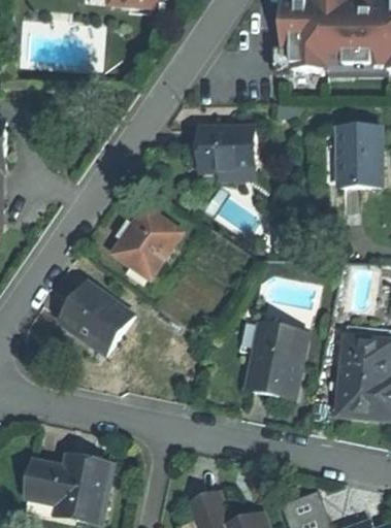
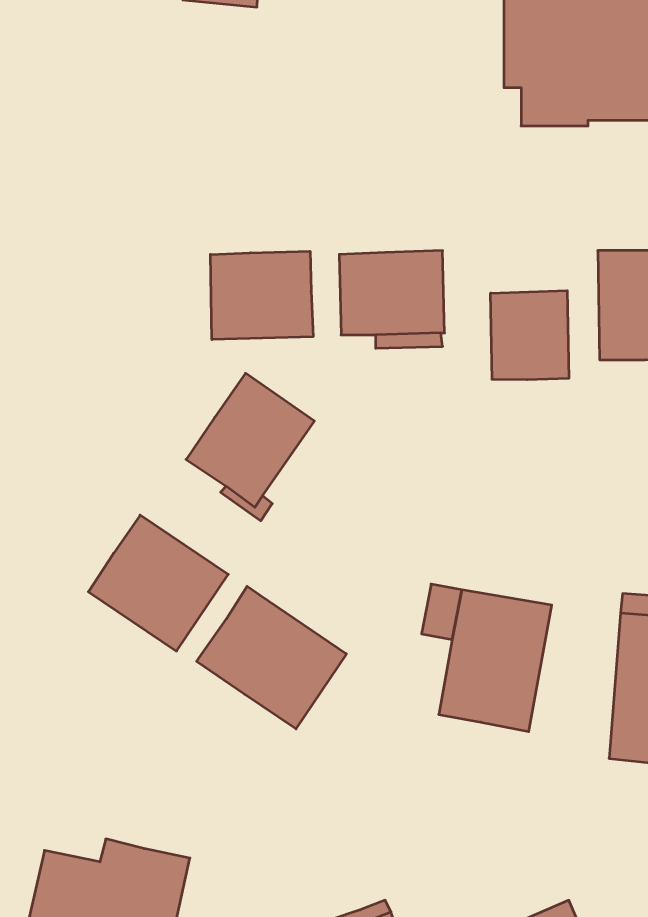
building: none -> [210,251,313,340]
building: none -> [491,291,569,380]
building: none -> [197,586,346,729]

